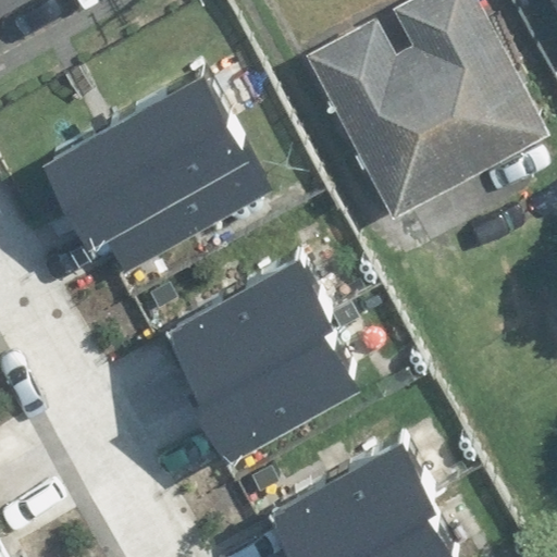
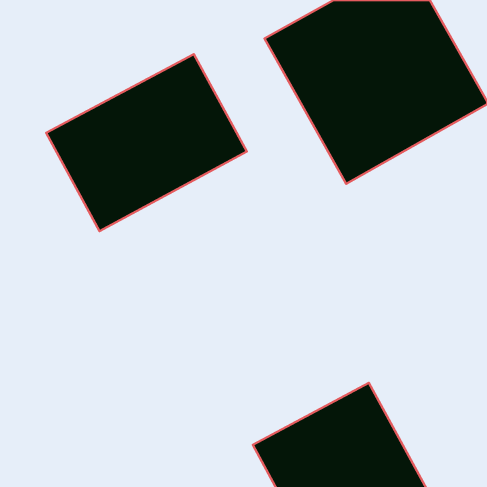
building: [165,260,360,450] -> none

